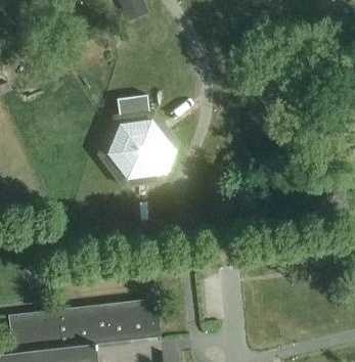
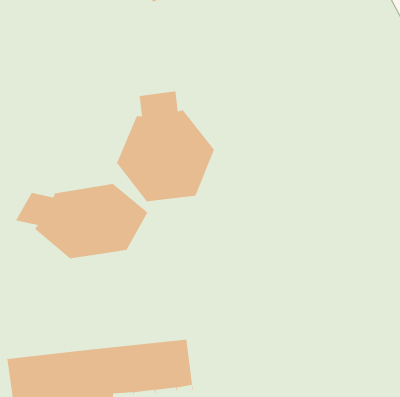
building: none -> [15,183,148,259]

